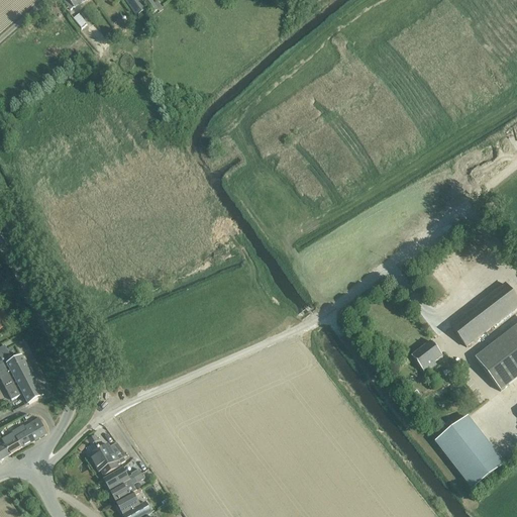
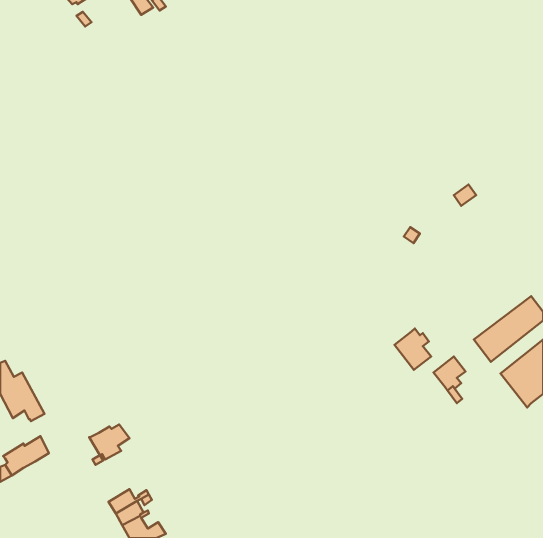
building: none -> [394,328,431,370]
building: [435,414,505,487] -> none
building: [89,440,127,474] -> [89,424,130,459]

